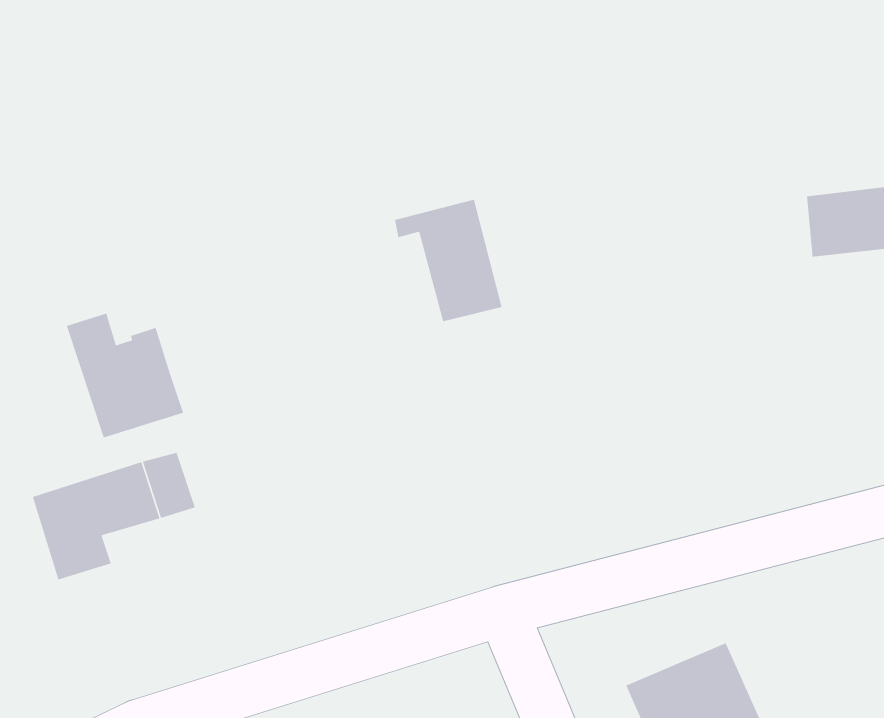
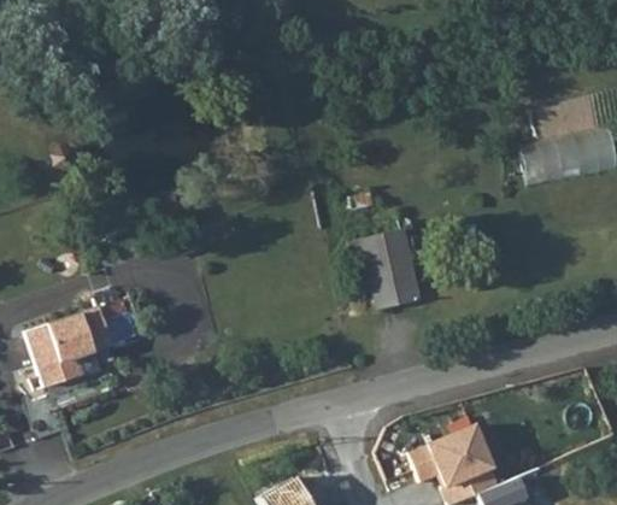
building: [394,199,502,322] -> [354,231,424,311]
building: [66,312,184,438] -> none

